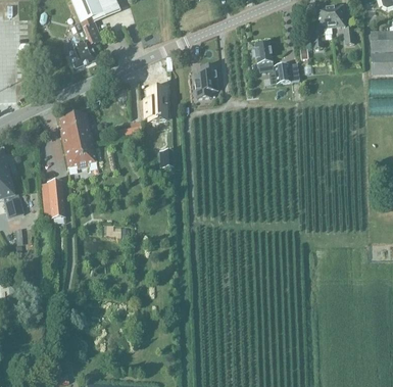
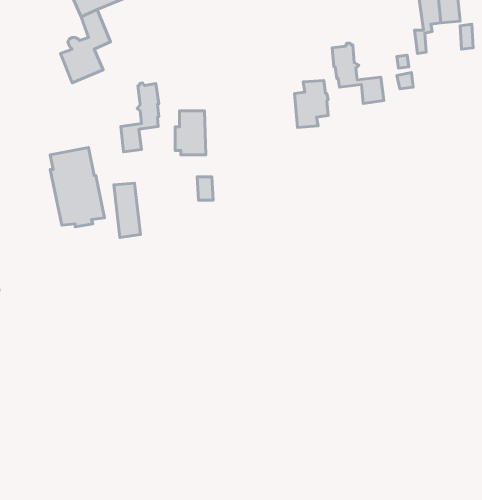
building: [194,64,217,97] -> [295,80,328,127]
building: none -> [121,83,159,152]
building: [47,180,65,217] -> [114,183,140,238]

